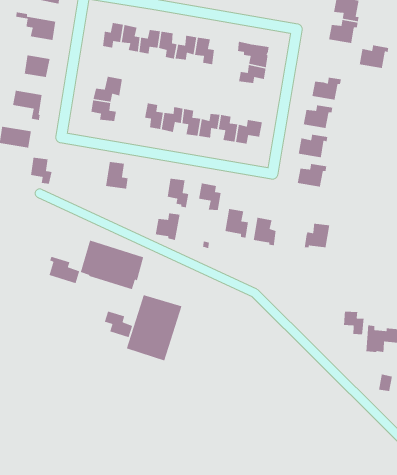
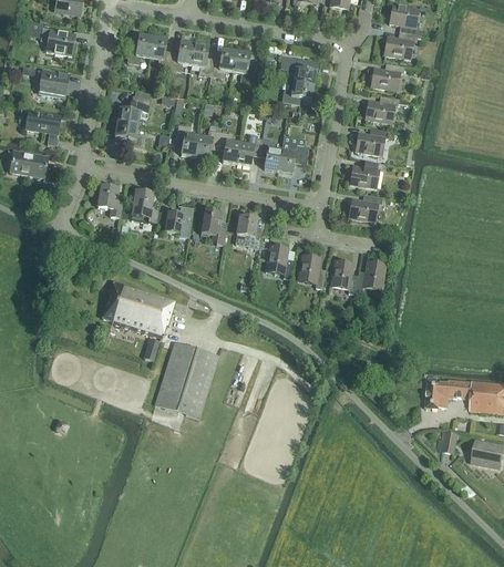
building: [359,44,389,69] -> [370,63,404,91]
building: [30,157,53,184] -> [97,186,123,217]
building: [155,212,180,241] -> [165,206,194,238]
building: none -> [330,260,358,293]
building: [49,256,80,284] -> none
building: [104,310,133,338] -> none
building: [343,311,365,335] -> none

